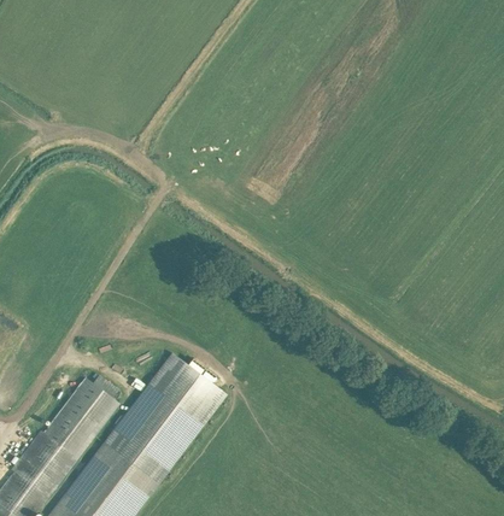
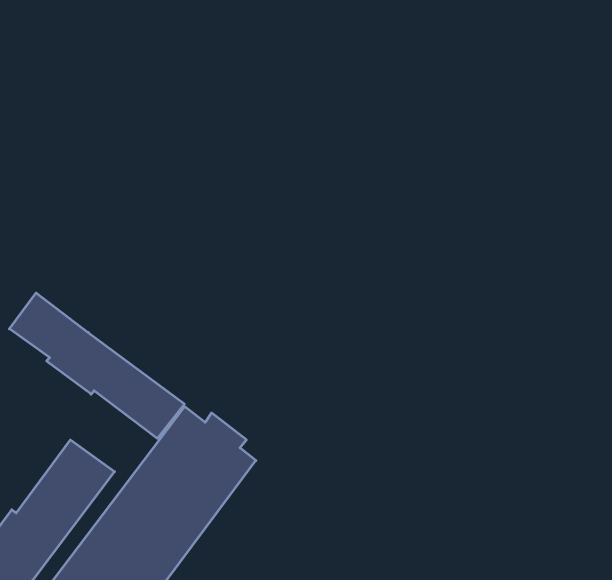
building: none -> [9,293,184,438]

